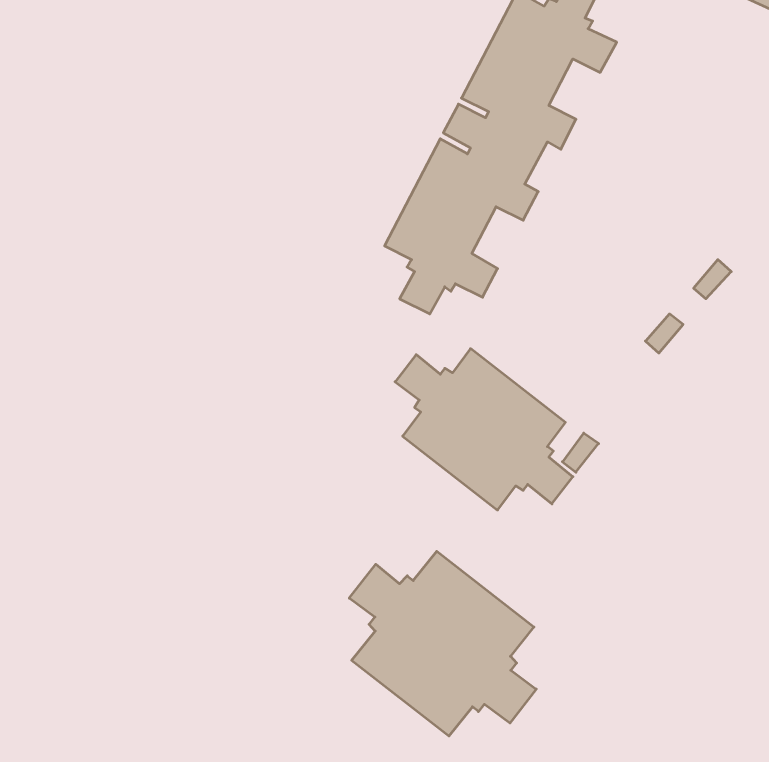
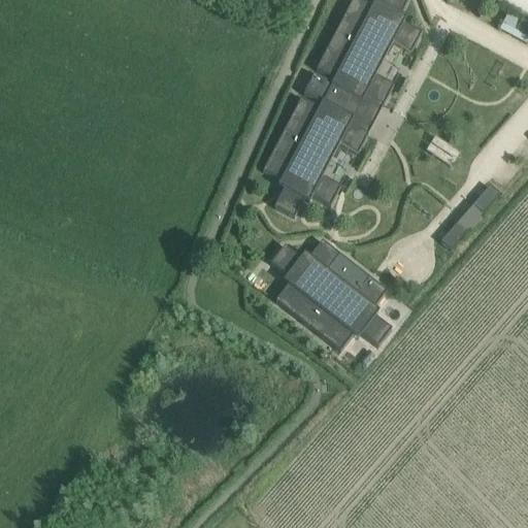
building: [349,551,536,736] -> none

